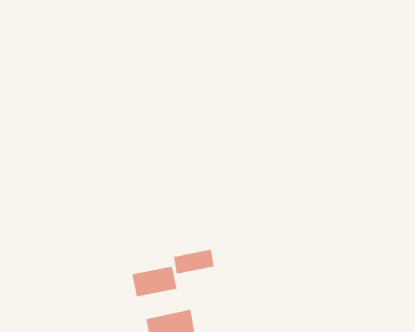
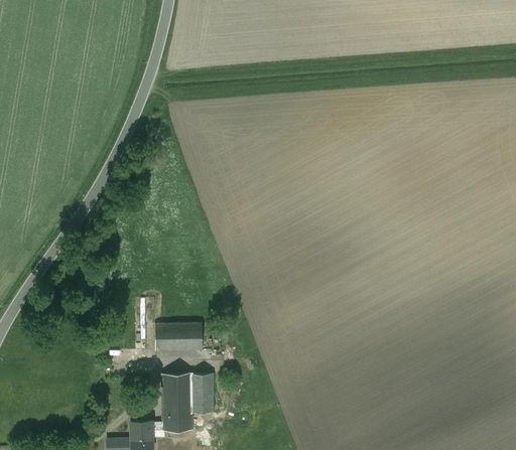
building: [173,249,215,274] -> none

